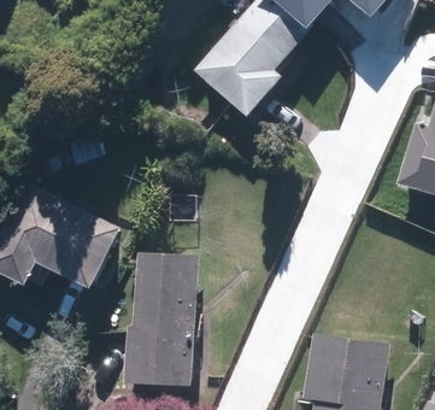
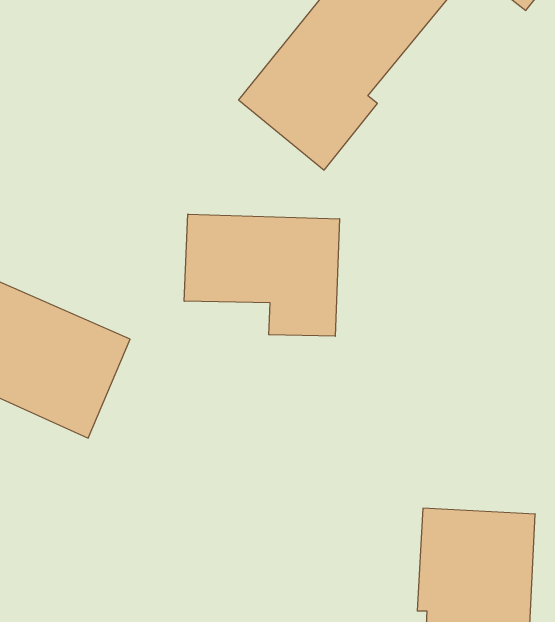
building: none -> [184,214,340,336]
building: [119,253,198,385] -> none

